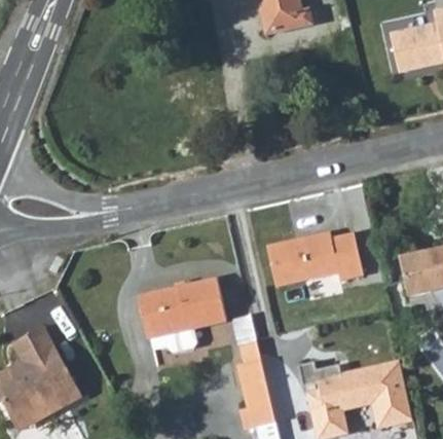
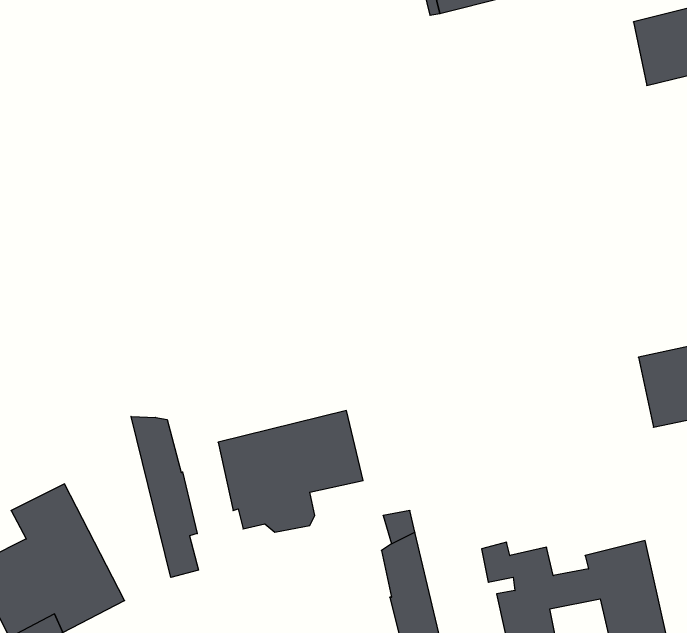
building: [265,231,362,287] -> none
building: none -> [131,416,199,577]

